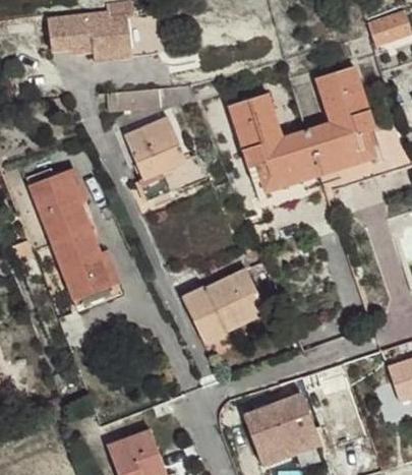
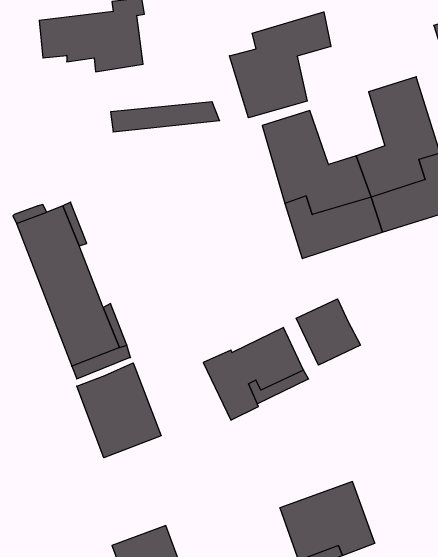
building: none -> [229,12,331,118]
building: [124,115,186,199] -> none
building: none -> [296,299,360,365]
building: none -> [77,363,161,458]

